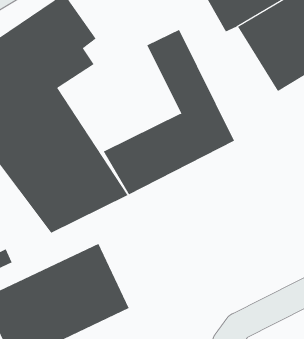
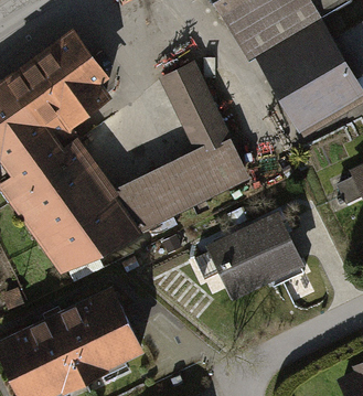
building: none -> [190,217,302,303]

